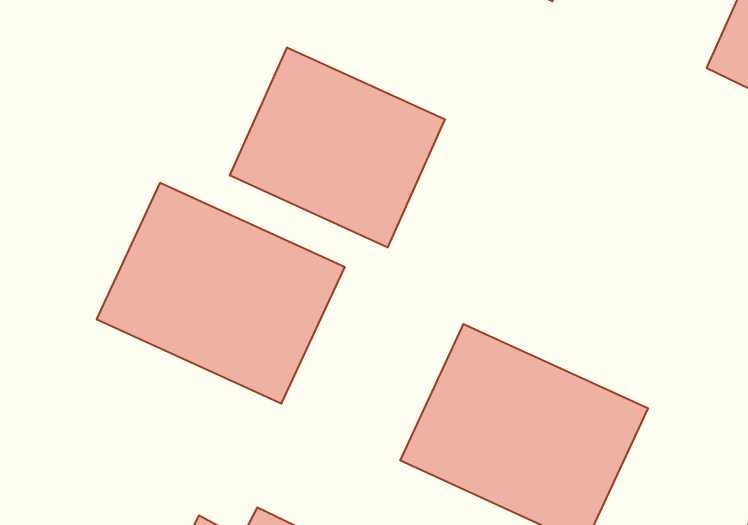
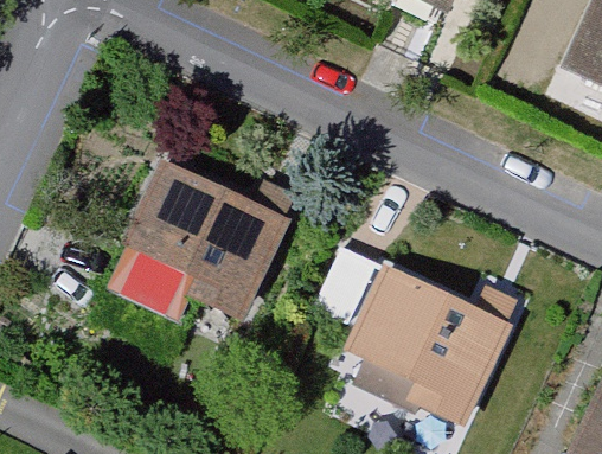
building: [230,47,445,248] -> none

